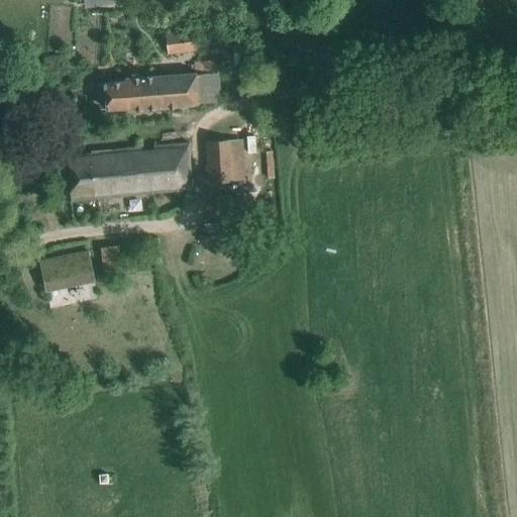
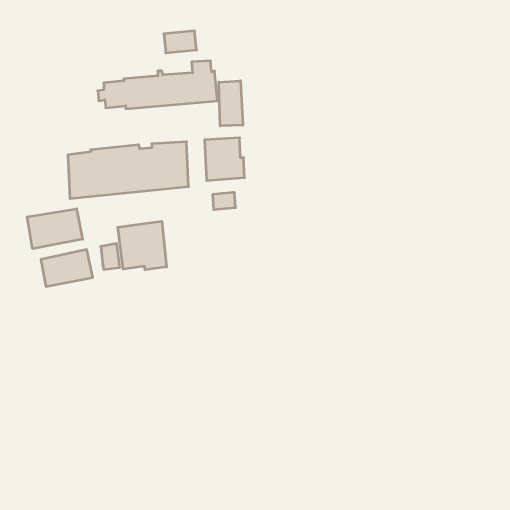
building: none -> [219,81,243,126]
building: none -> [27,209,83,249]
building: none -> [118,221,167,270]

